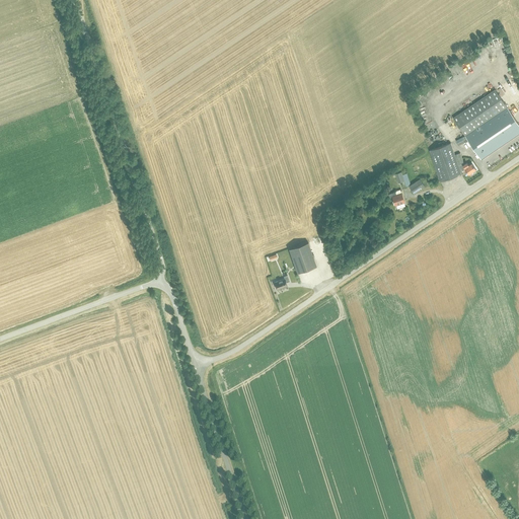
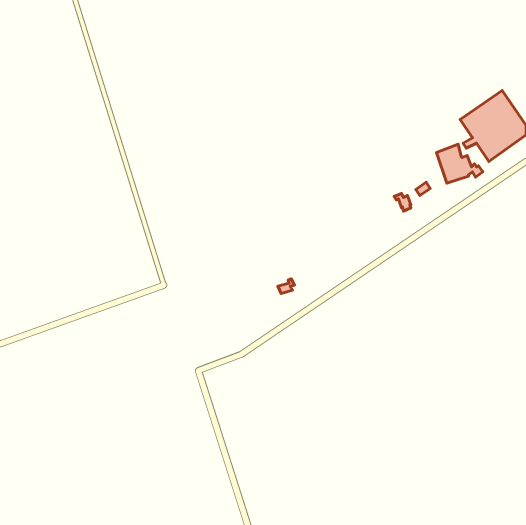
building: [289,243,316,274] -> none

